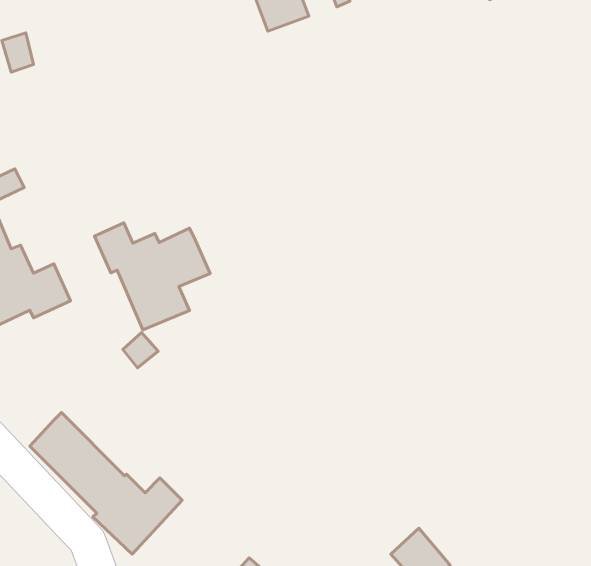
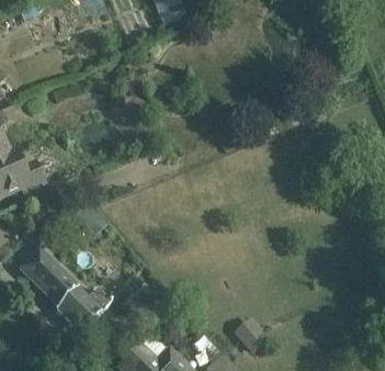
building: [94,223,210,330] -> none

